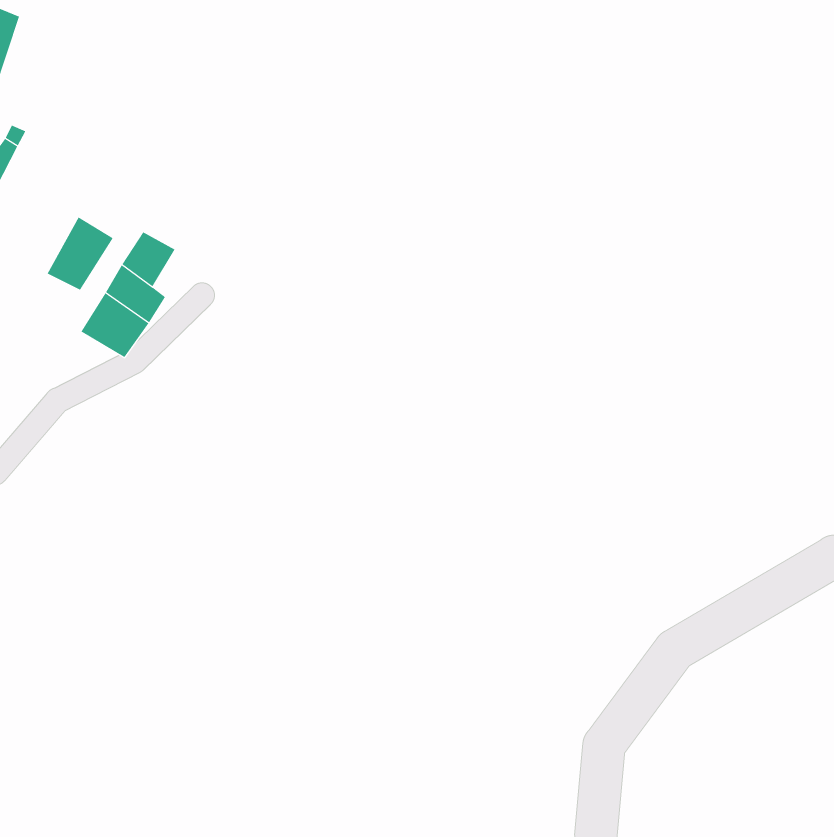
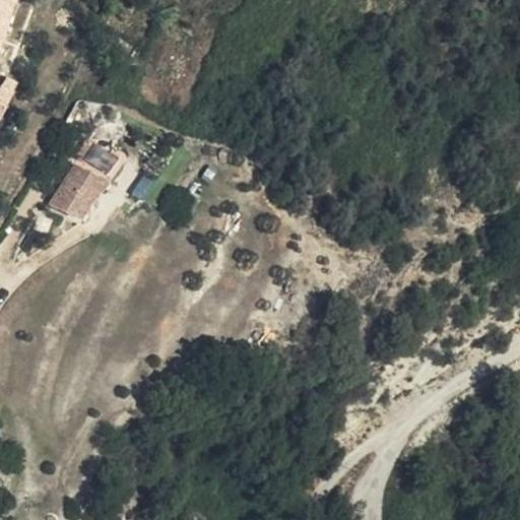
building: [47,216,113,290] -> none

